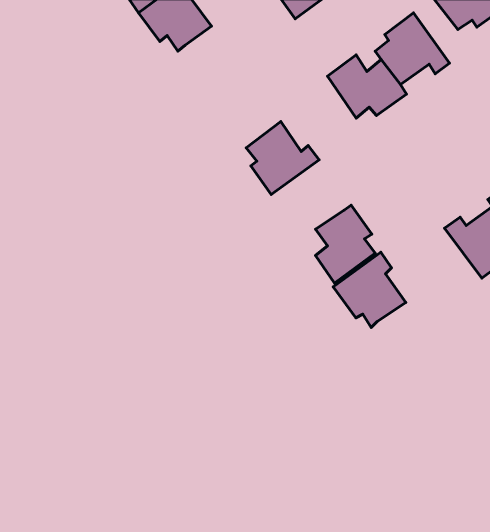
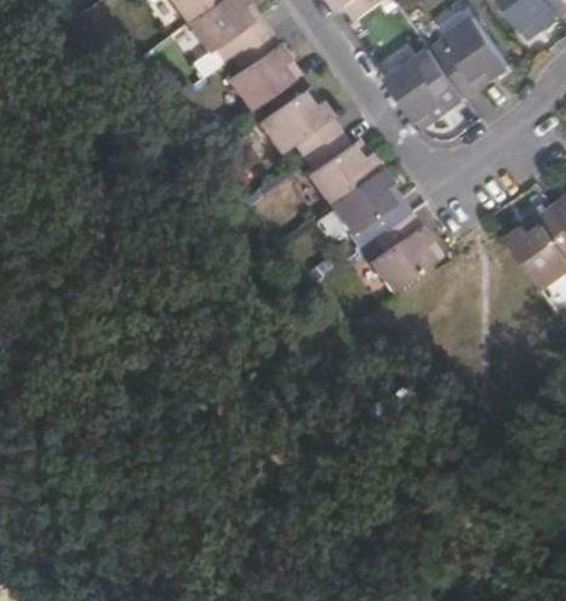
building: none -> [236,25,299,107]
building: none -> [258,91,338,154]
building: [333,252,406,327] -> [328,166,402,242]

